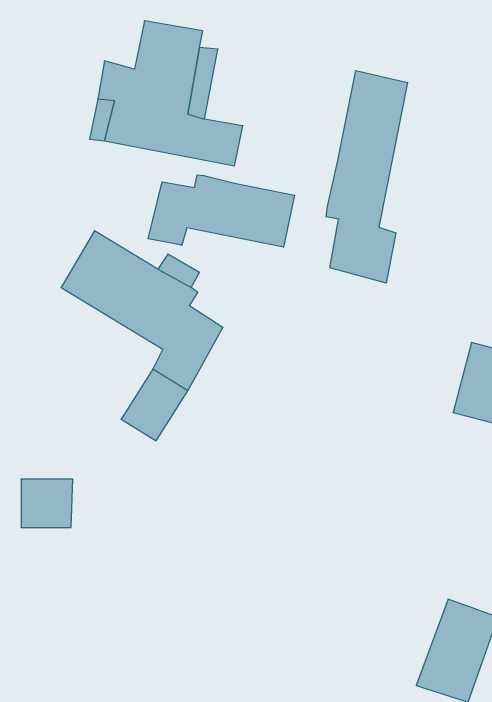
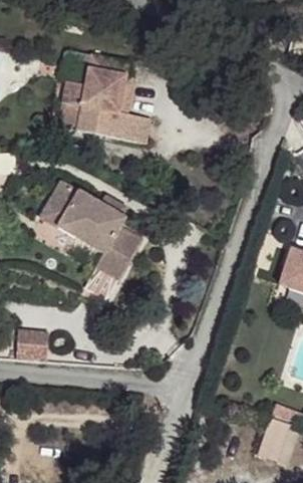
building: [326,71,408,283] -> none
building: [148,175,295,247] -> none

